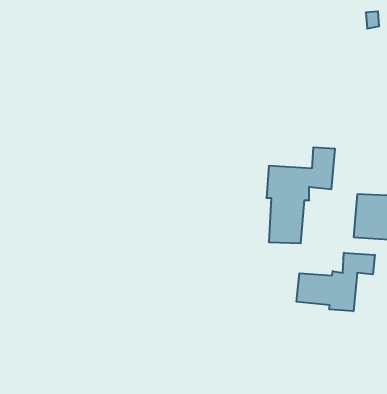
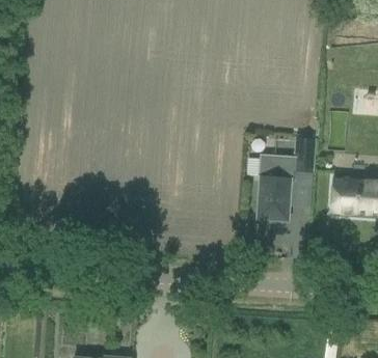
building: [296,253,375,311] -> none

